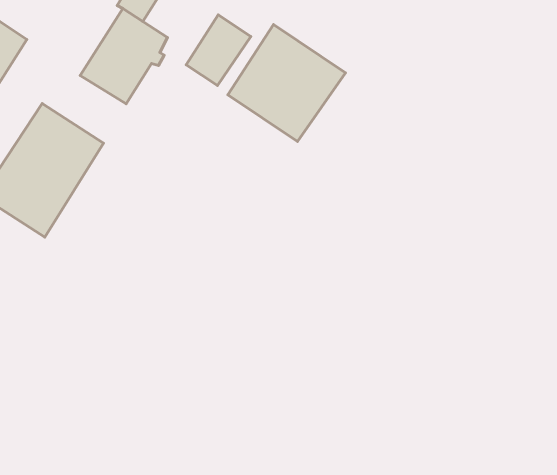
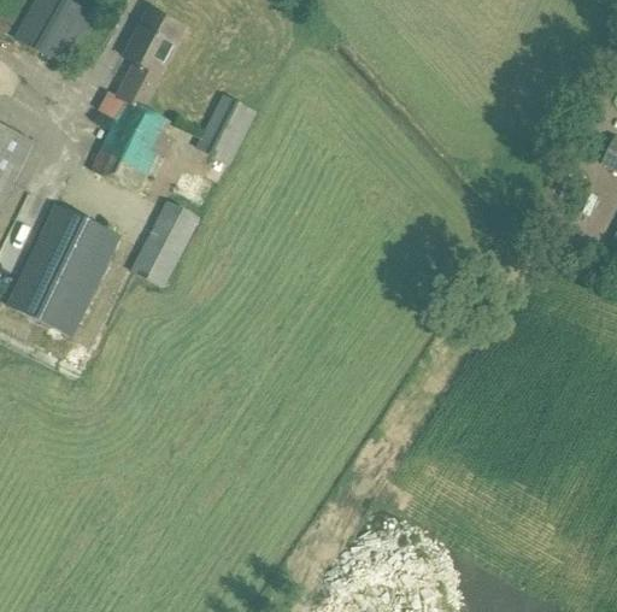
building: [228,24,346,142] -> none
building: none -> [129,199,199,289]

